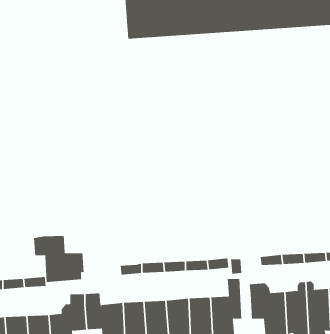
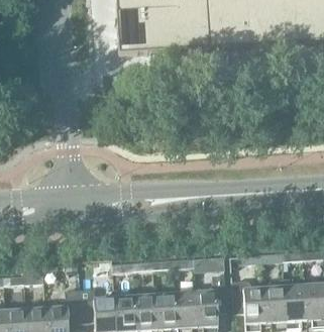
building: [34,235,84,283] -> none

